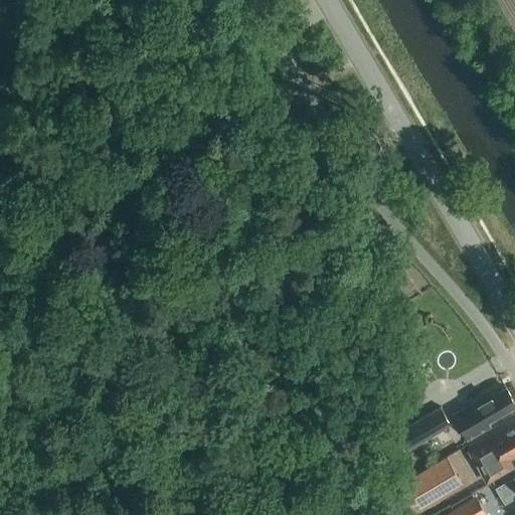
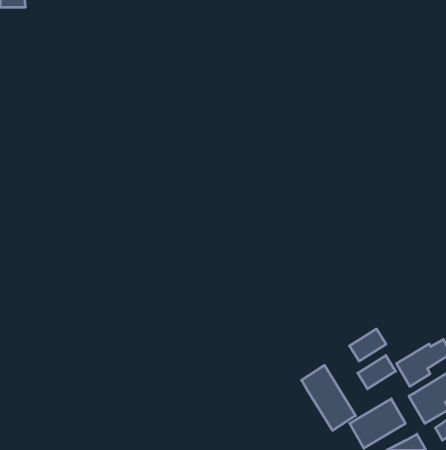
building: none -> [349,329,386,361]
building: none -> [301,365,356,430]

